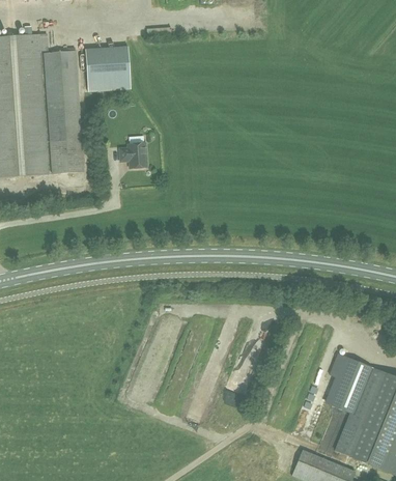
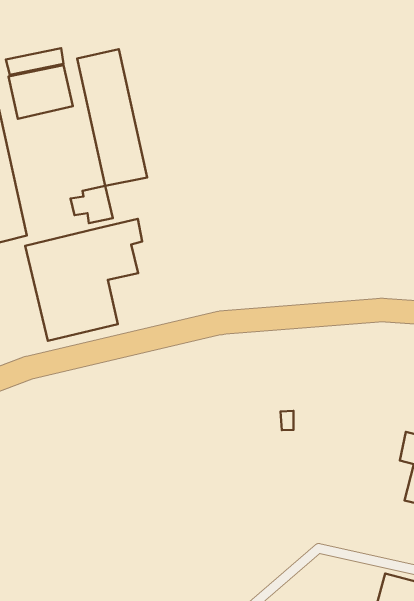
building: none -> [77,49,147,186]
building: none -> [25,219,142,341]

